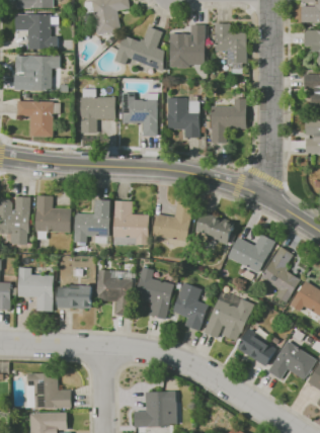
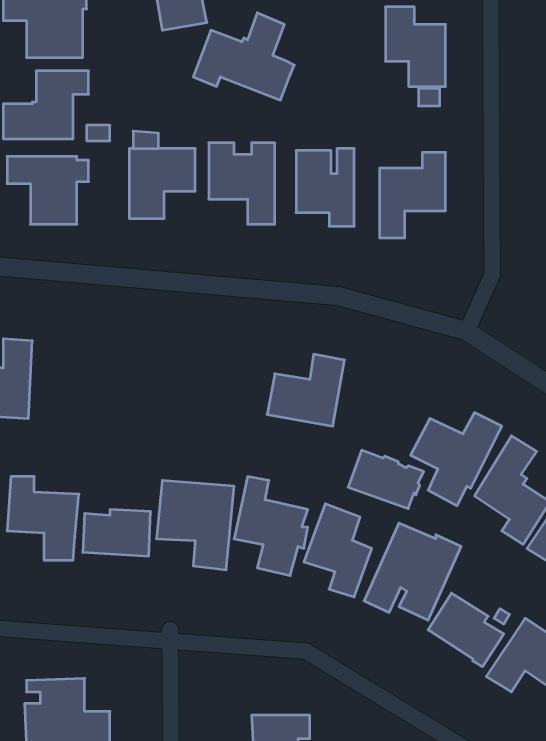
building: [170,24,206,61] -> none
building: [35,194,71,232] -> none
building: [75,199,110,242] -> none
building: [113,200,149,245] -> none
building: [194,213,234,244] -> [348,450,424,509]

